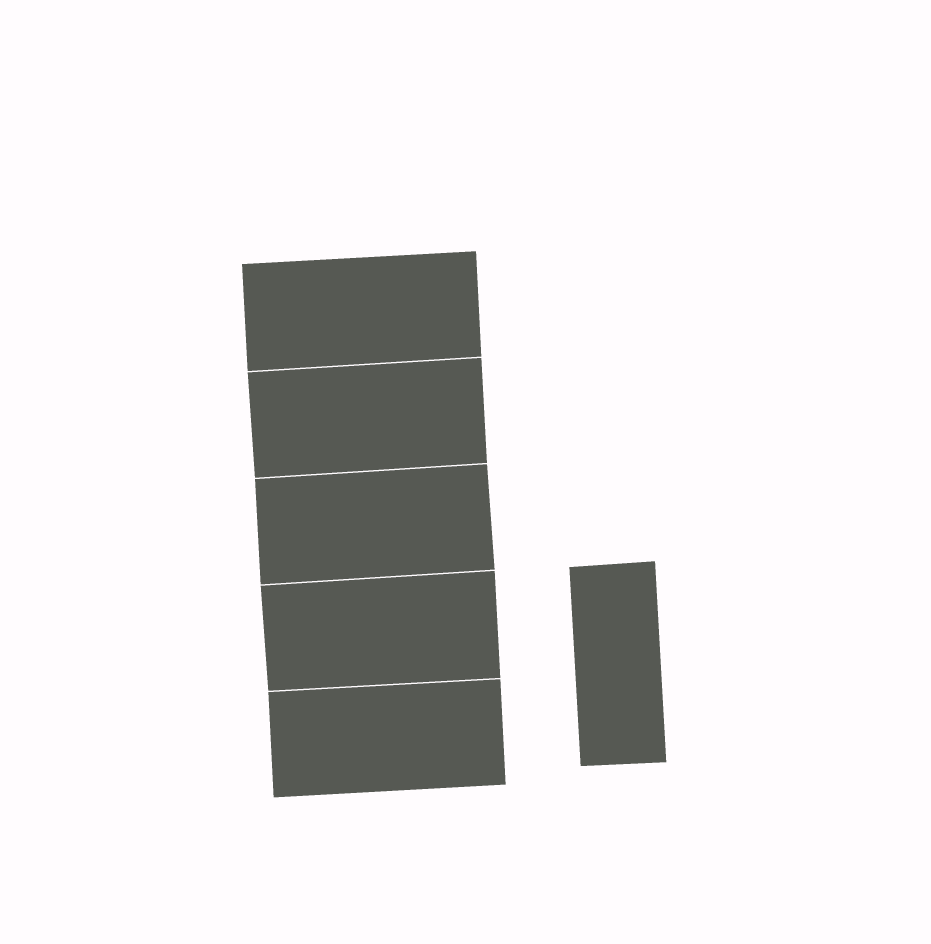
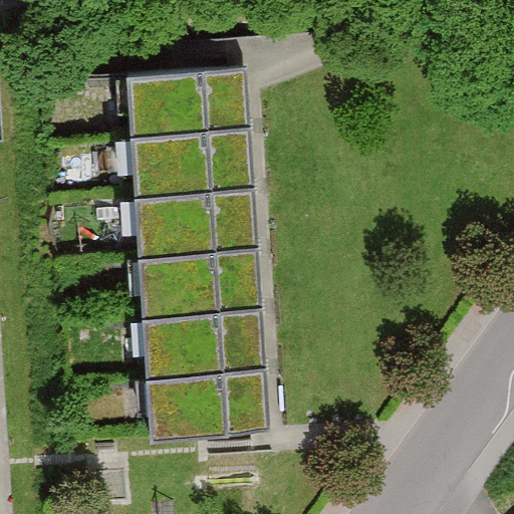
building: none -> [126,77,256,142]
building: [569,560,667,767] -> none

